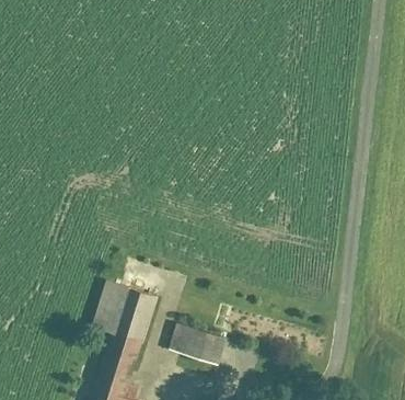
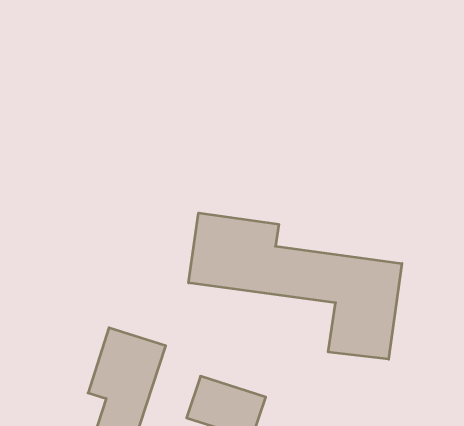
building: none -> [189,213,402,359]

